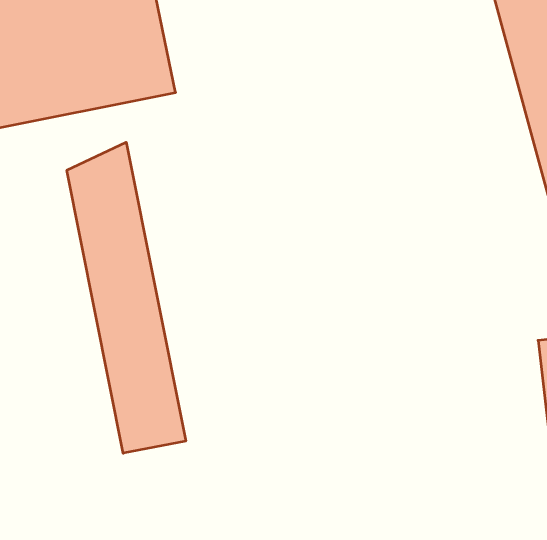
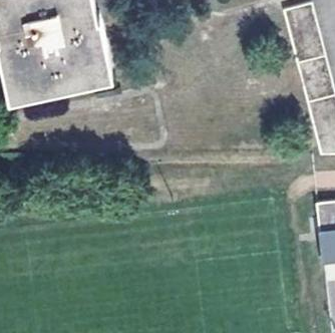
building: [67,142,186,453] -> none

